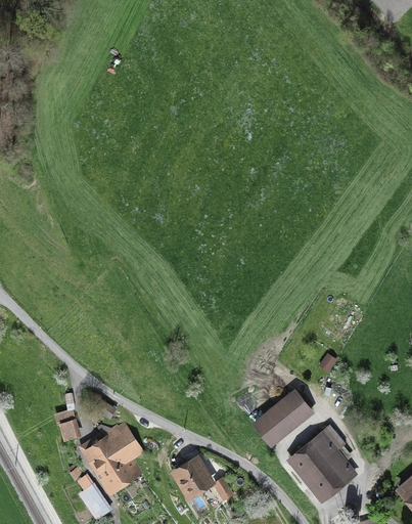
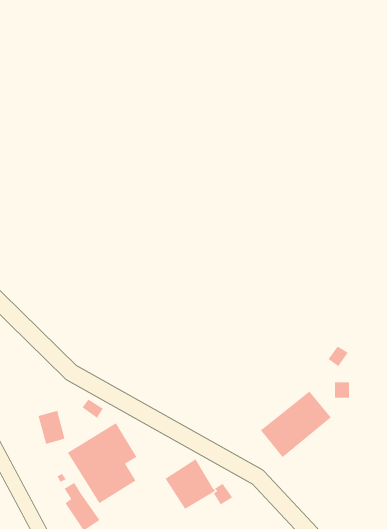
building: [287,430,357,501] -> none

